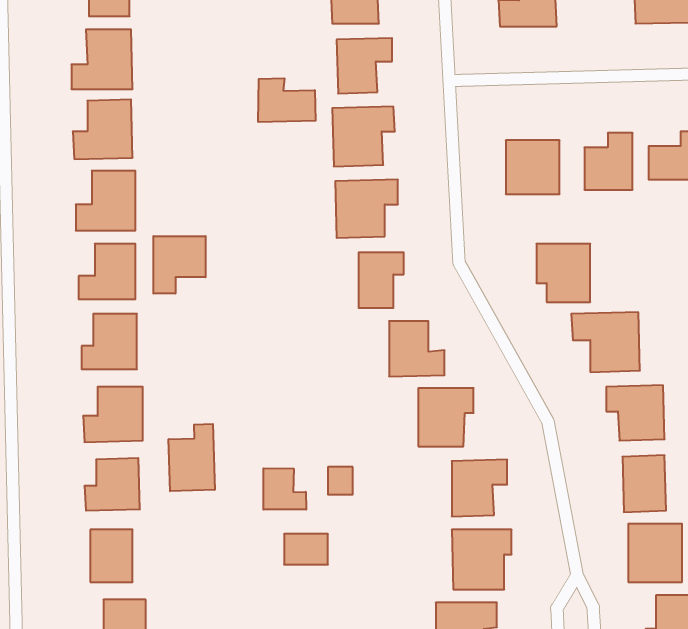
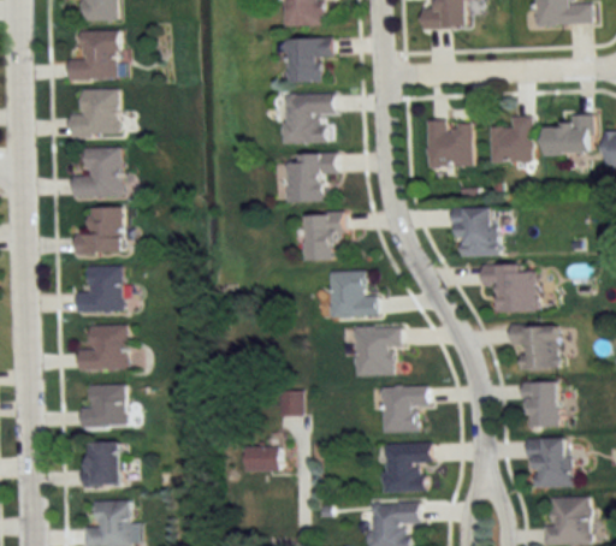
building: [258,78,316,122] -> none
building: [153,236,206,294] -> none
building: [169,424,215,491] -> none
building: [263,468,306,510] -> none

